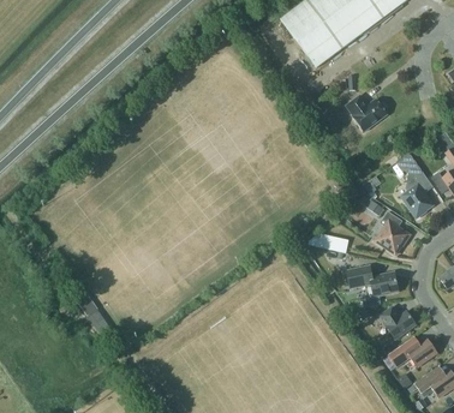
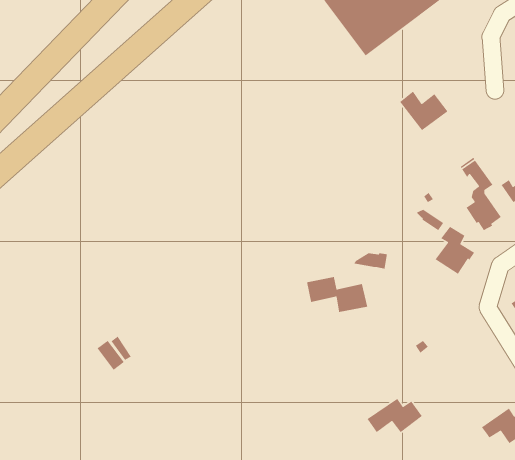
building: [346,265,399,297] -> [306,276,368,313]
building: [380,306,416,339] -> none
building: [388,336,436,366] -> [367,398,423,433]

